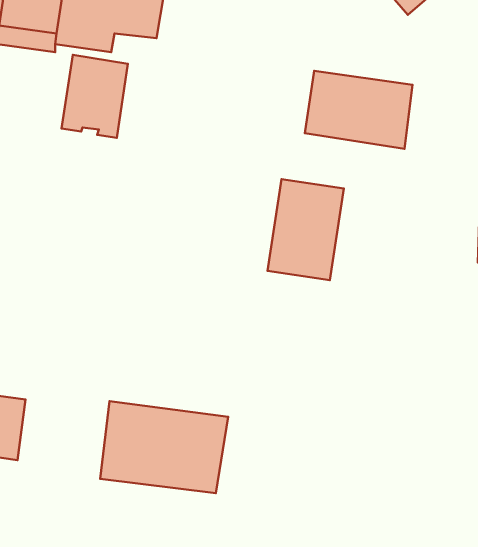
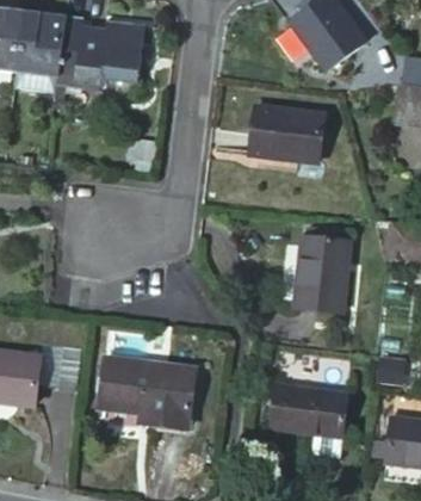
building: [62,55,128,138] -> none
building: [267,179,344,280] -> [293,233,352,310]
building: none -> [270,383,343,432]

